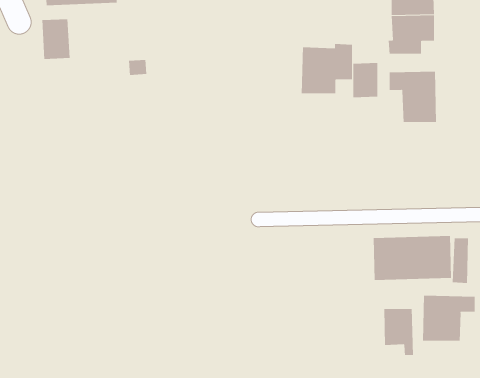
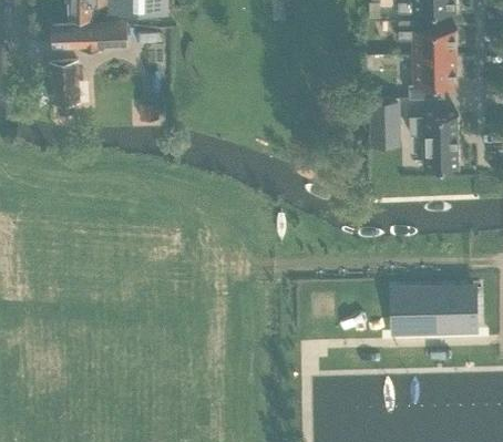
building: [301,43,352,94] -> none
building: [422,295,475,341] -> none
building: [384,308,413,356] -> none

